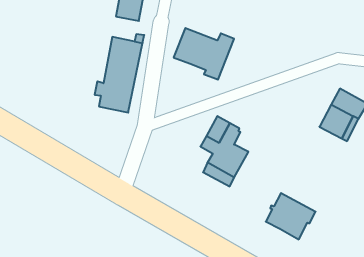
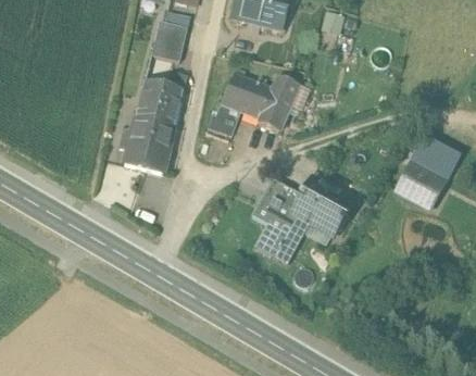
building: none -> [208,105,240,136]
building: [266,193,316,239] -> [295,177,355,234]

